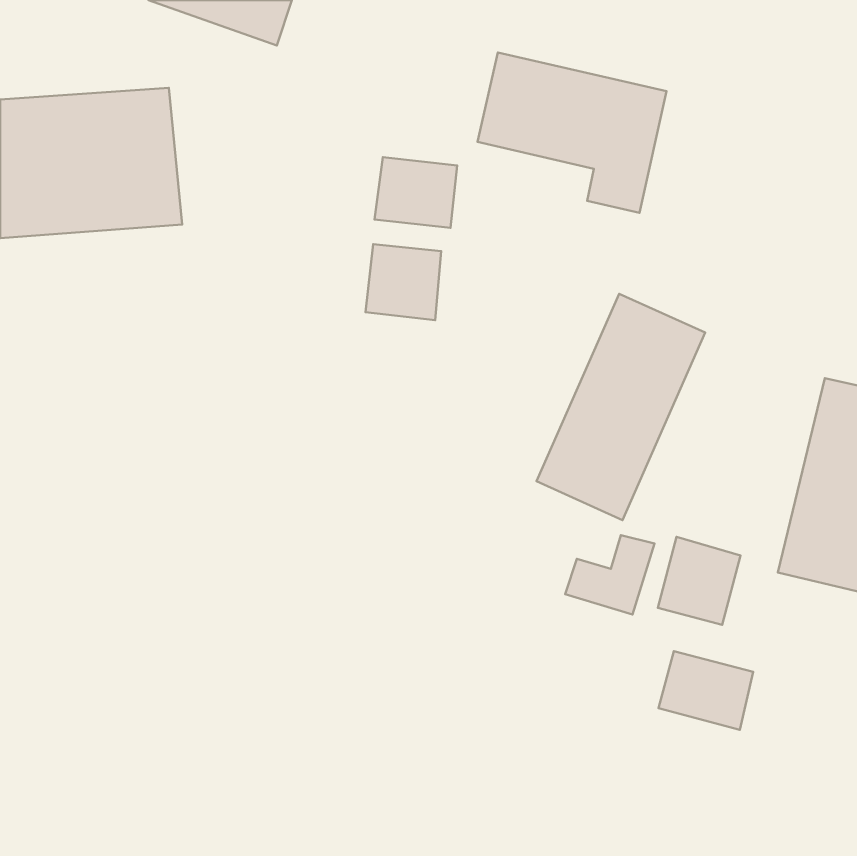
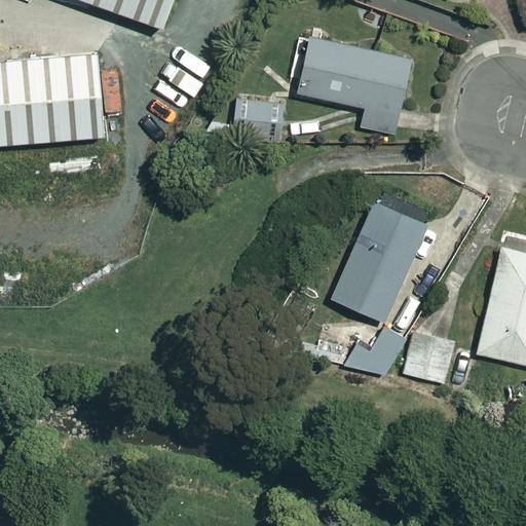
building: [365,244,441,320] -> none
building: [659,651,753,730] -> none

